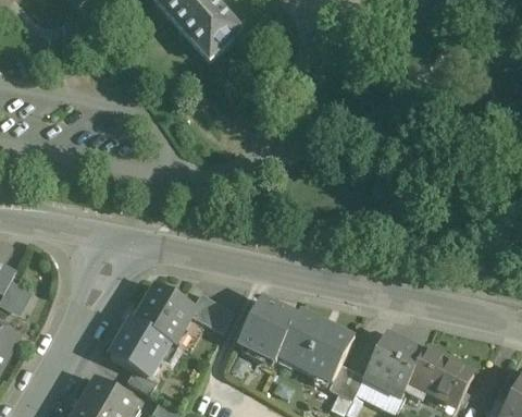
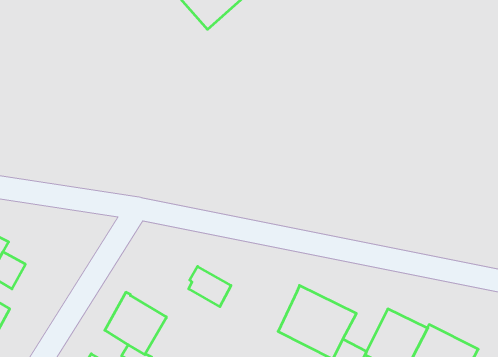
building: [135,283,195,344] -> none
building: [238,297,297,361] -> none

